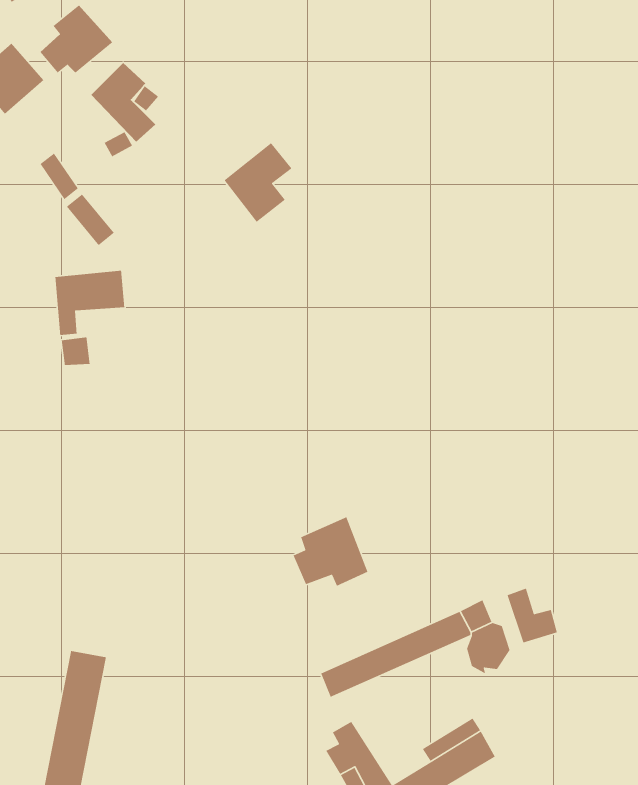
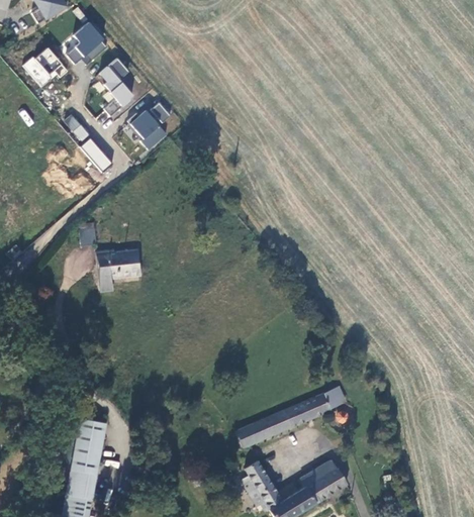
building: [224,142,292,223] -> [128,99,171,148]
building: [55,270,125,336] -> [96,249,139,290]
building: [292,516,369,587] -> none
building: [507,588,558,644] -> none

